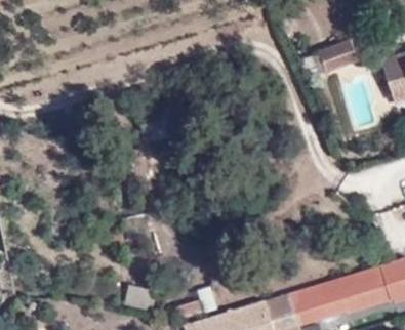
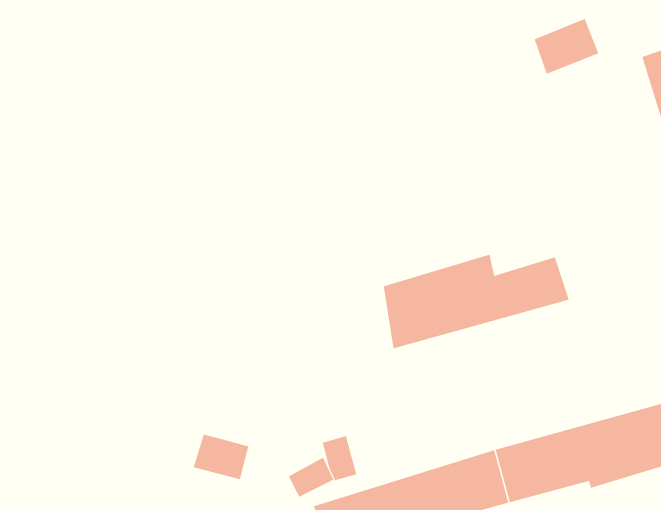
building: none -> [383,254,570,349]

